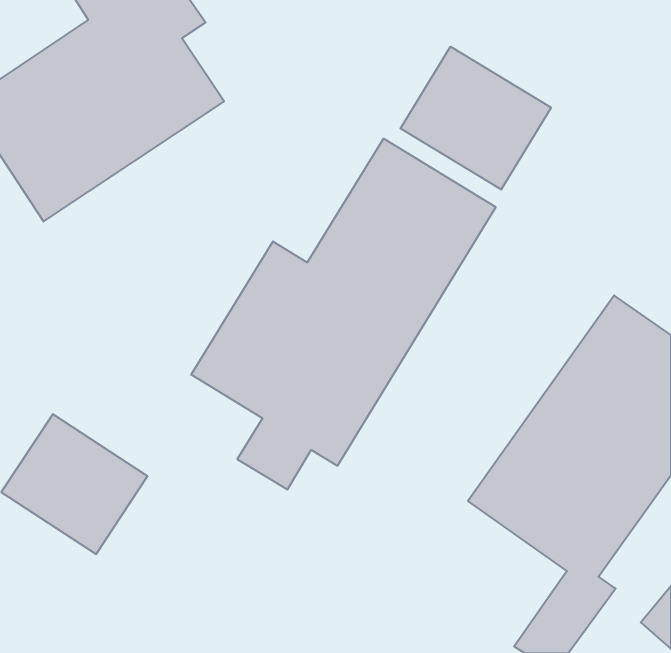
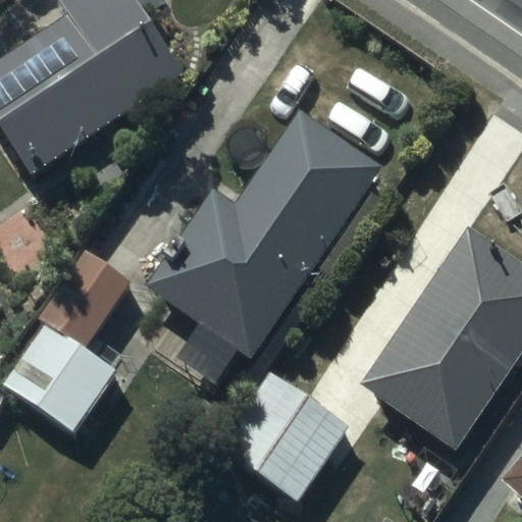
building: [400,47,551,190] -> none
building: none -> [191,375,347,497]

